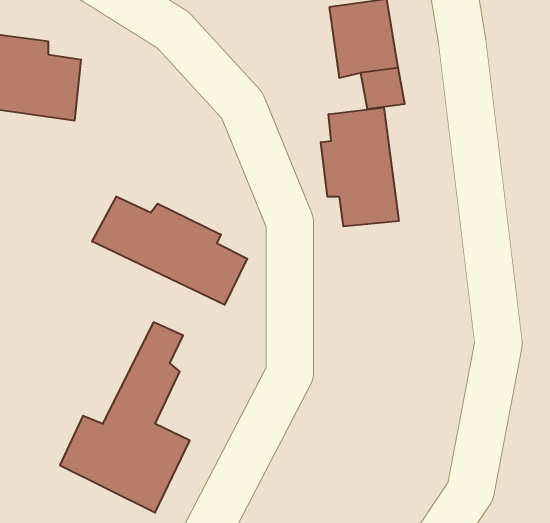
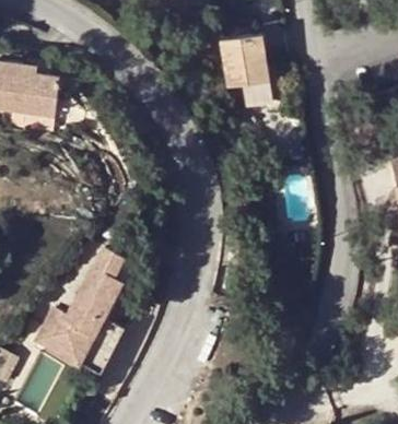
building: [321,107,399,226] -> none
building: [92,196,247,305] -> none

